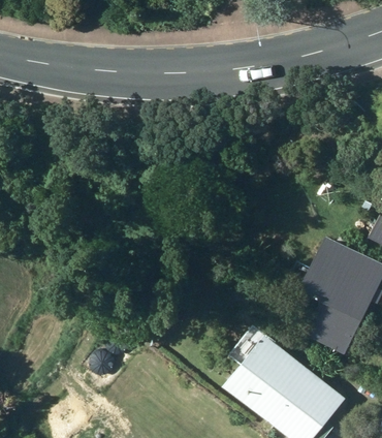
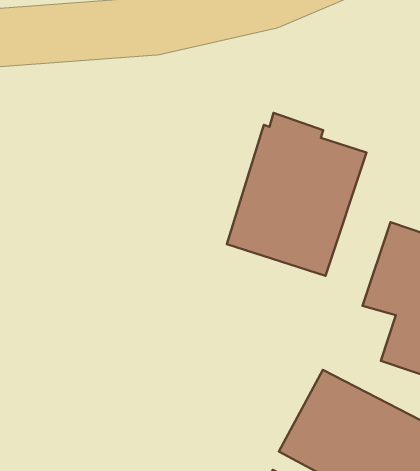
building: none -> [227,113,367,276]

